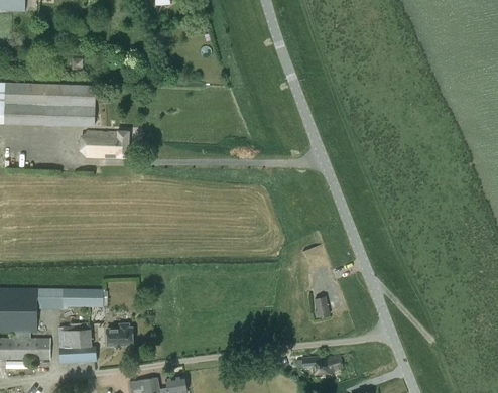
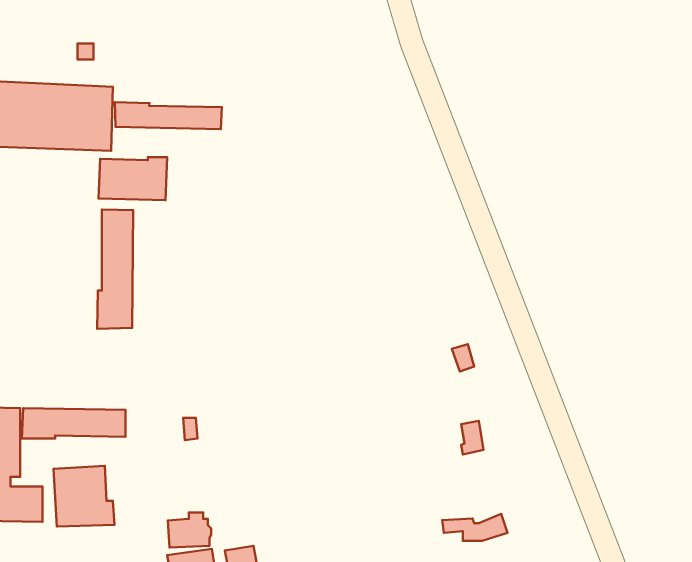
building: none -> [115,102,222,129]
building: none -> [97,210,133,329]
building: [106,323,133,346] -> [168,512,211,548]

